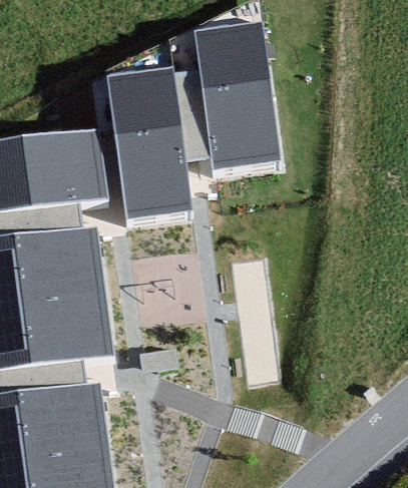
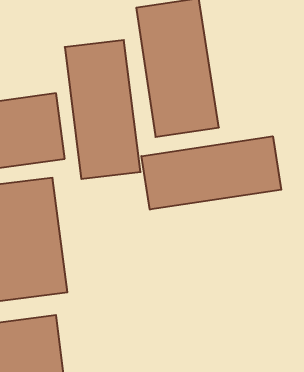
building: none -> [141,136,281,210]

